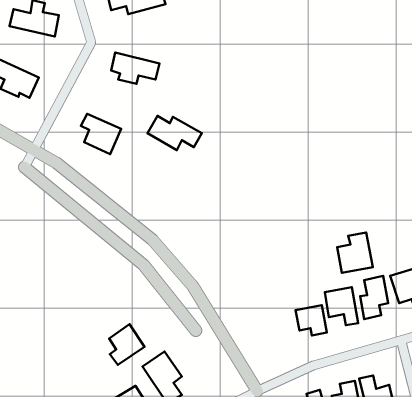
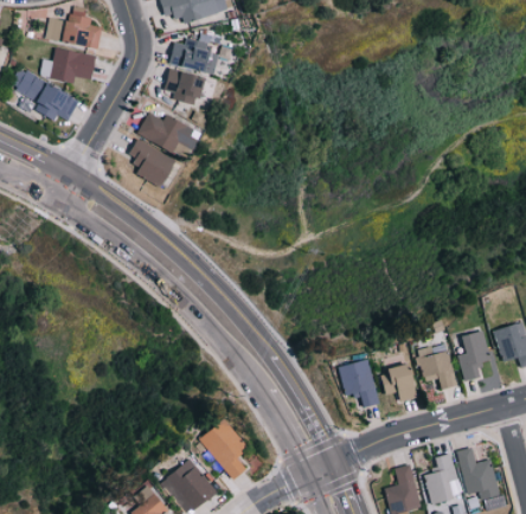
building: none -> [171,39,220,75]
building: none -> [39,46,97,83]
building: [148,116,202,150] -> [137,113,201,153]
building: [337,233,373,273] -> none
building: none -> [338,359,380,407]
building: [109,324,145,365] -> none

